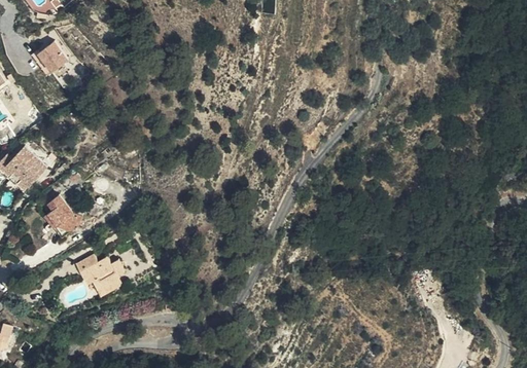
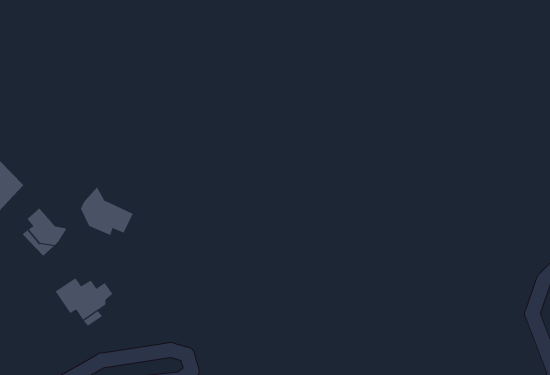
building: [31,43,66,78] -> none
building: none -> [80,186,134,236]

